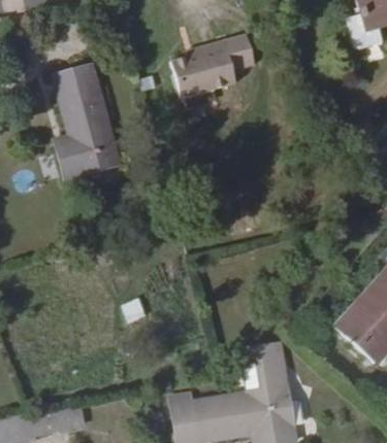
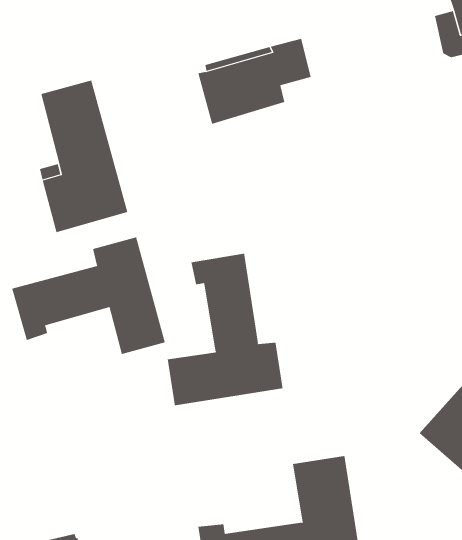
building: none -> [12,236,166,355]
building: none -> [167,253,283,406]

